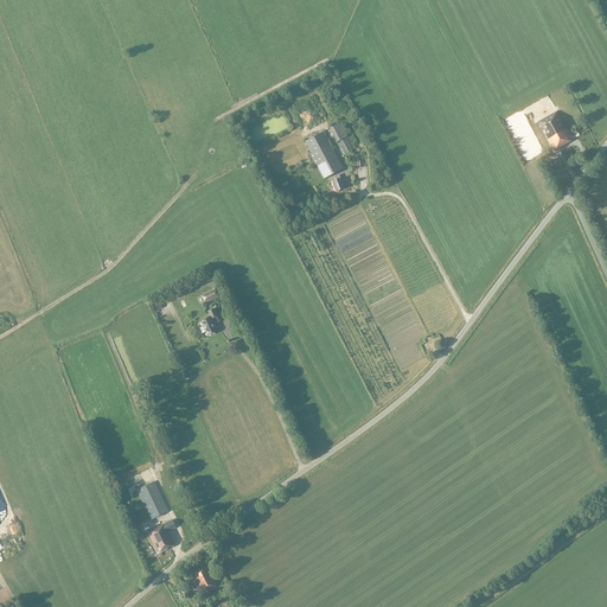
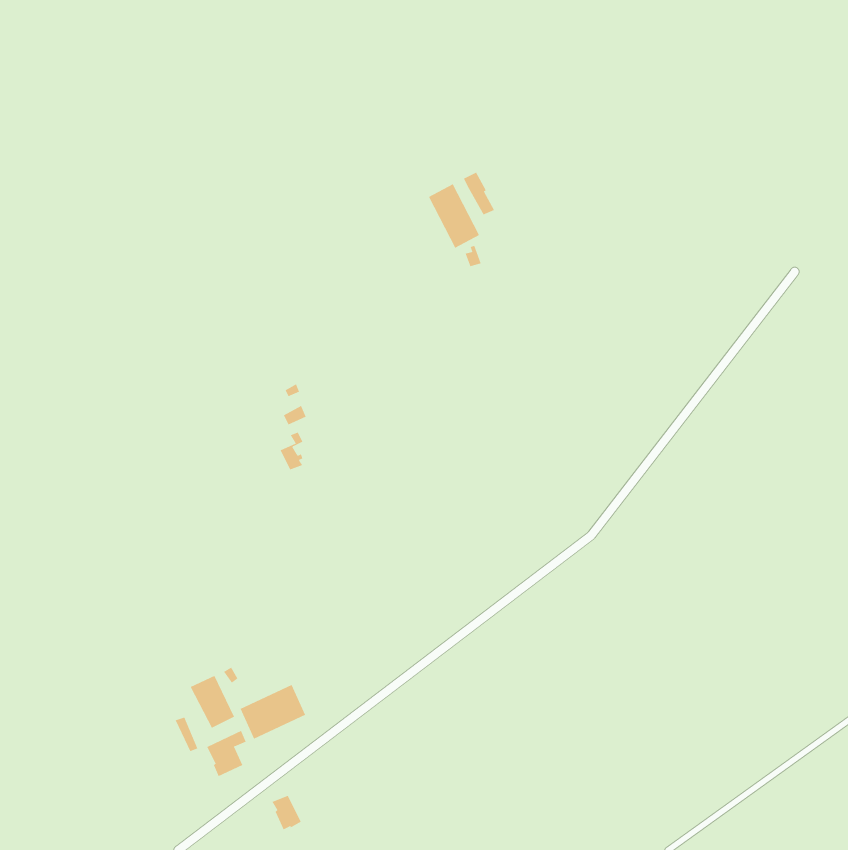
building: [541,111,574,149] -> none
building: none -> [240,684,306,739]

